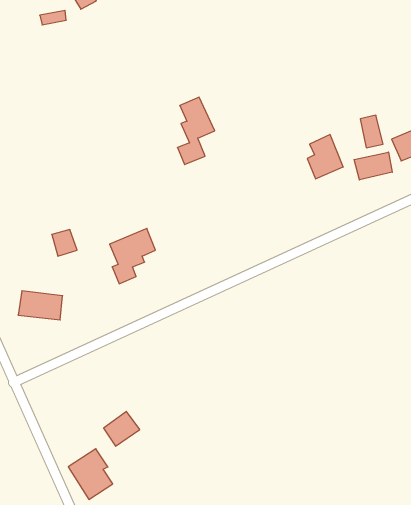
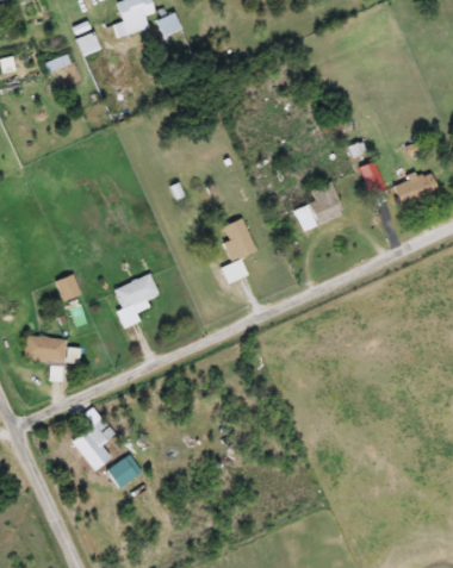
building: [177,97,215,165] -> [221,217,257,283]
building: [354,152,392,180] -> none
building: [68,449,113,499] -> [73,420,117,470]

